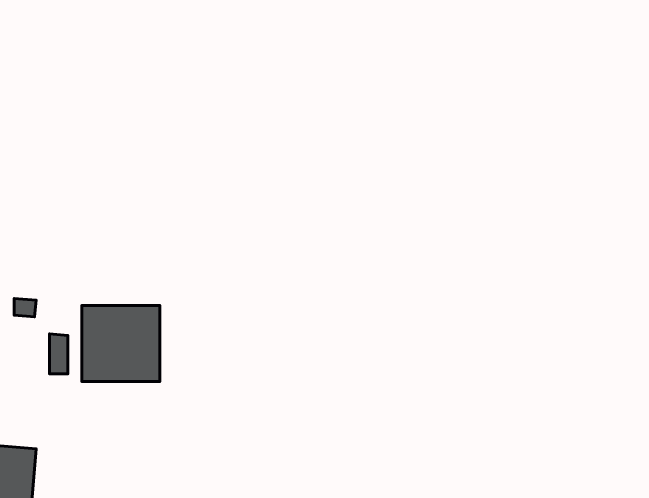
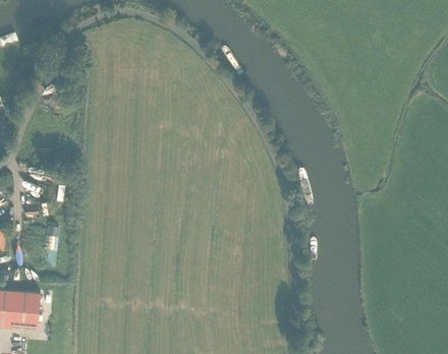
building: [82,305,160,382] -> none

